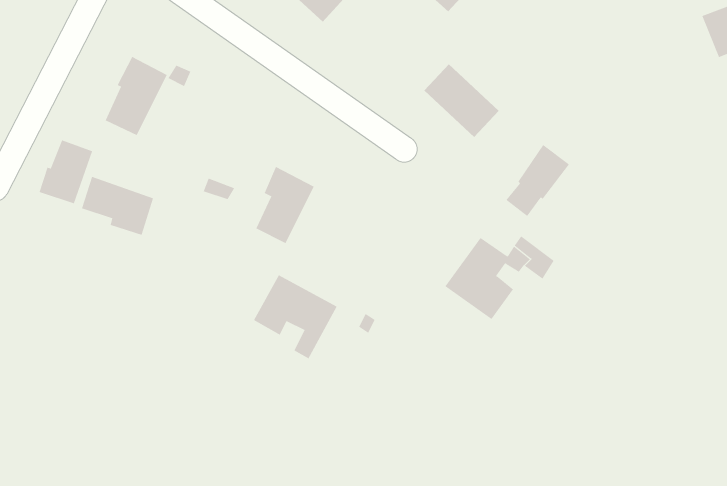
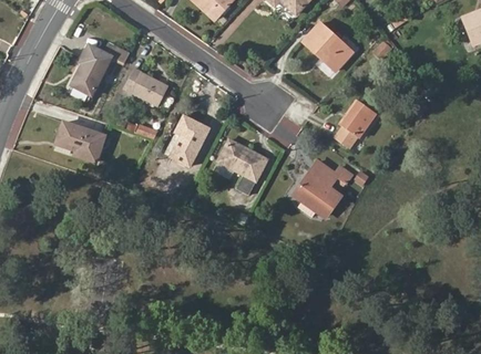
building: [424,64,500,138] -> [303,22,352,71]
building: none -> [123,67,167,106]
building: [39,140,93,204] -> none
building: [253,275,338,359] -> [211,138,266,194]

